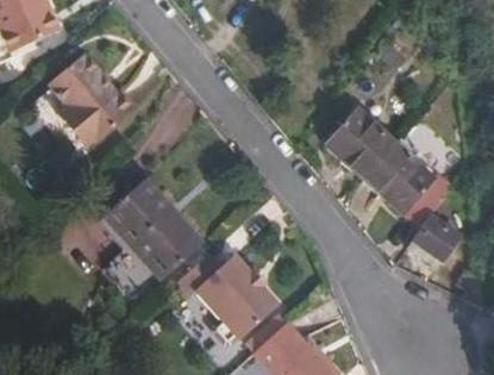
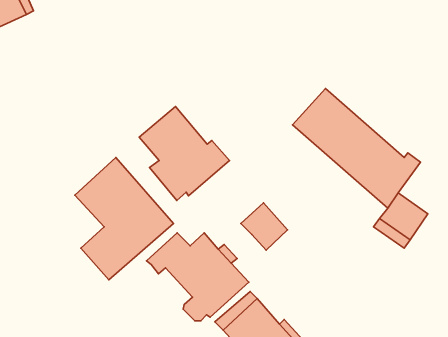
building: [48,54,139,149] -> [139,106,230,200]
building: none -> [241,203,288,250]

